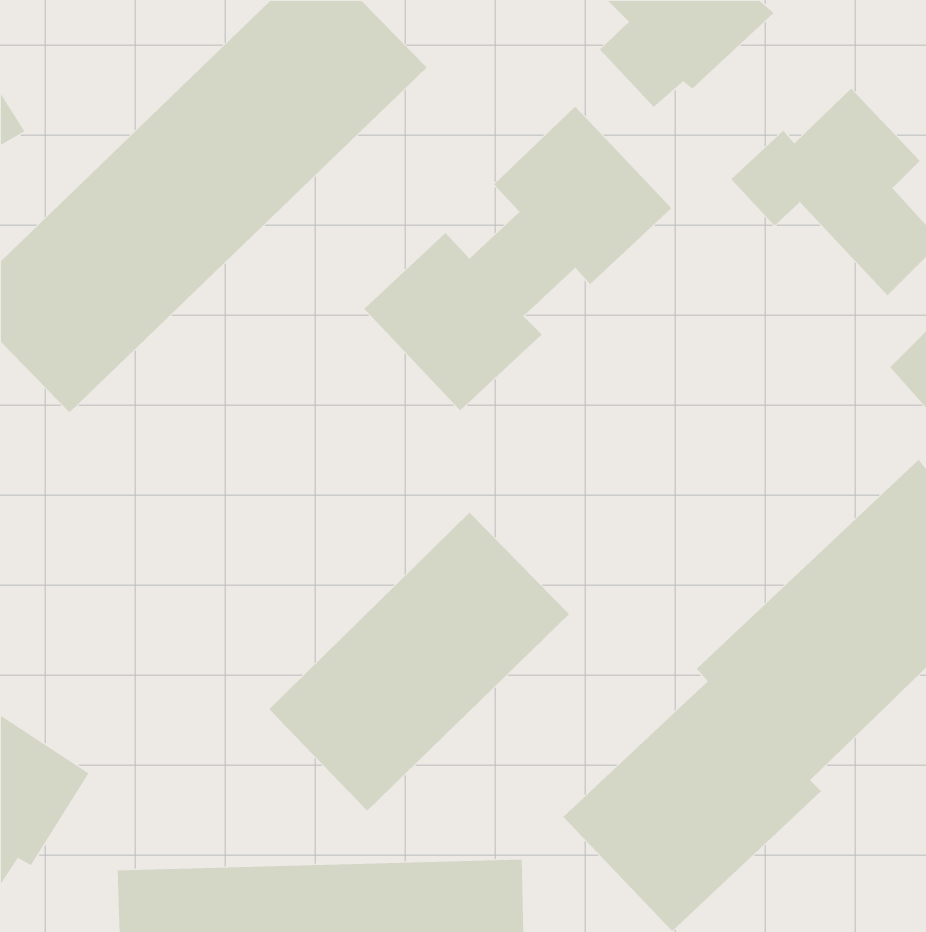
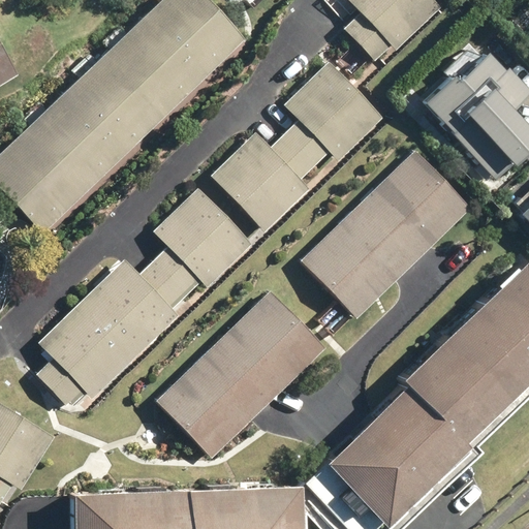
building: none -> [300,150,472,319]
building: none -> [36,188,253,407]

